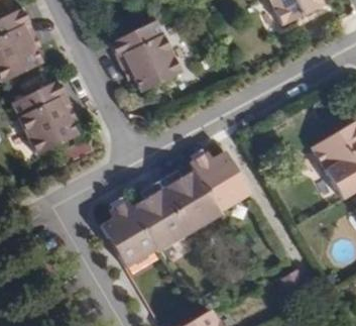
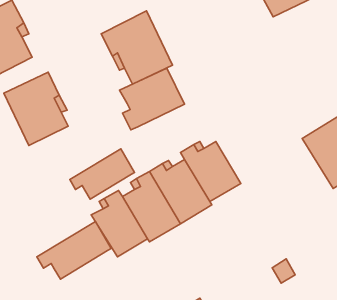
building: none -> [120,68,184,130]
building: none -> [70,149,135,199]
building: none -> [37,222,111,279]

